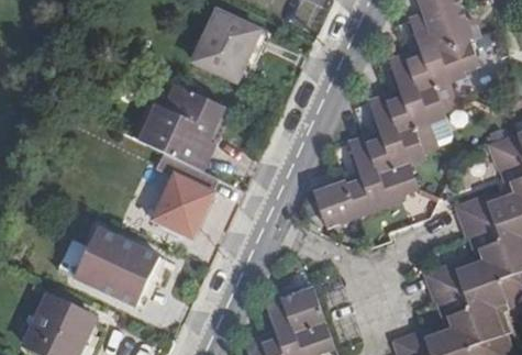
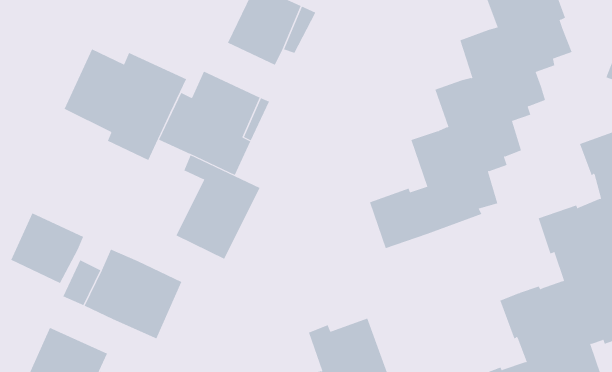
building: none -> [64,49,187,161]
building: none -> [10,213,84,284]

